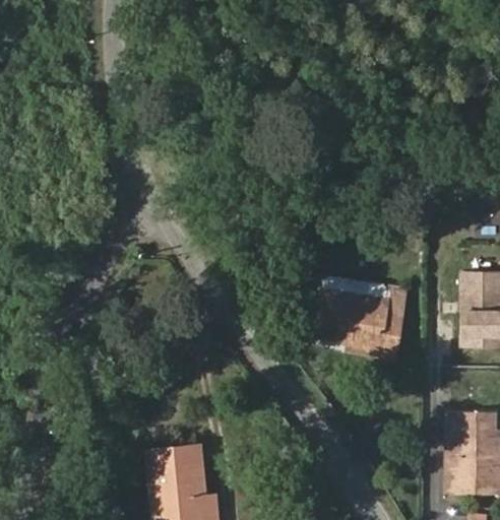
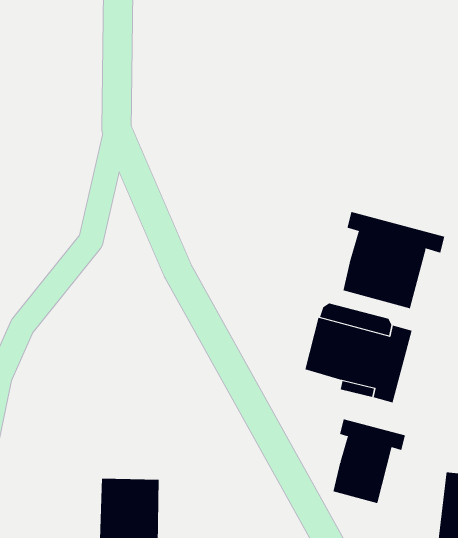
building: none -> [343,211,445,309]
building: none -> [333,419,405,504]

